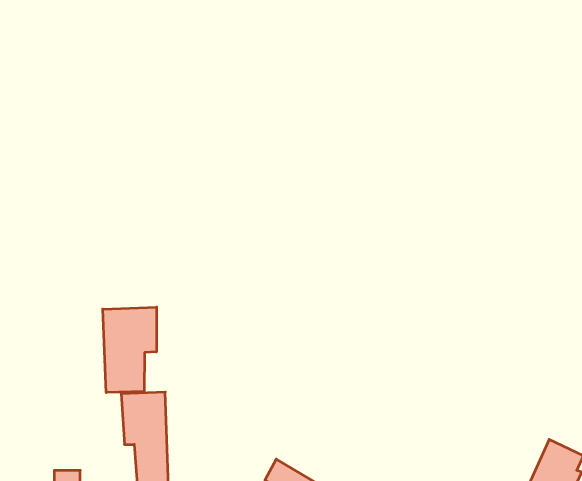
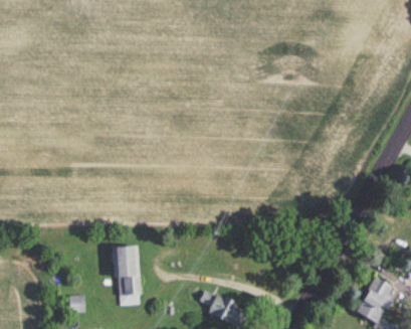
building: [103,307,157,393] -> none

